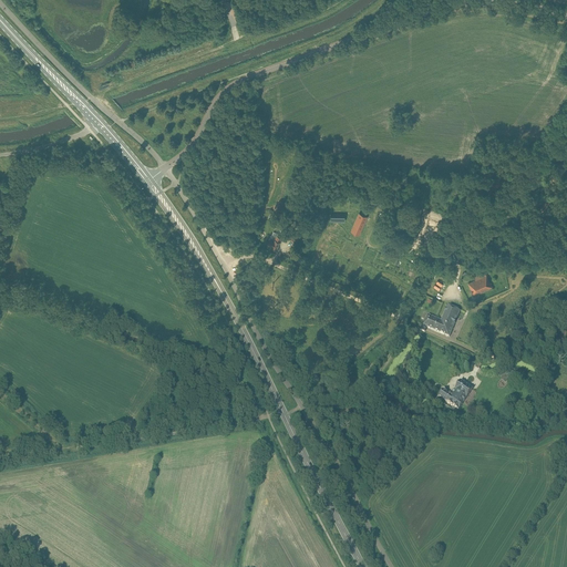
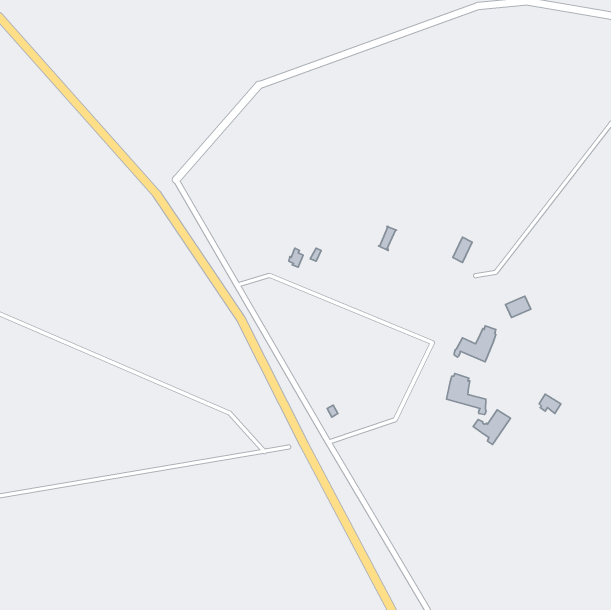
building: none -> [446,373,486,414]

